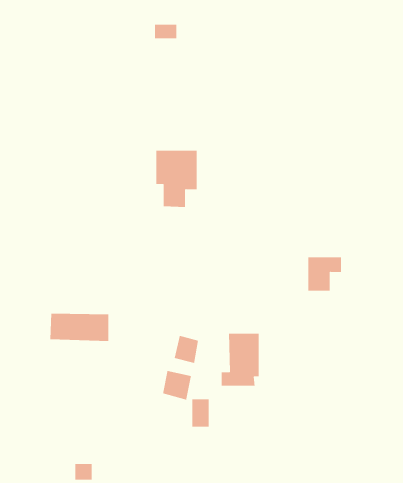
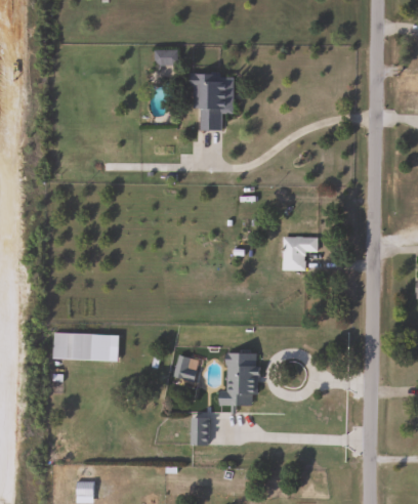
building: [156,150,197,208] -> [193,74,234,130]
building: [307,257,342,291] -> [284,237,318,270]
building: [162,370,192,401] -> none

